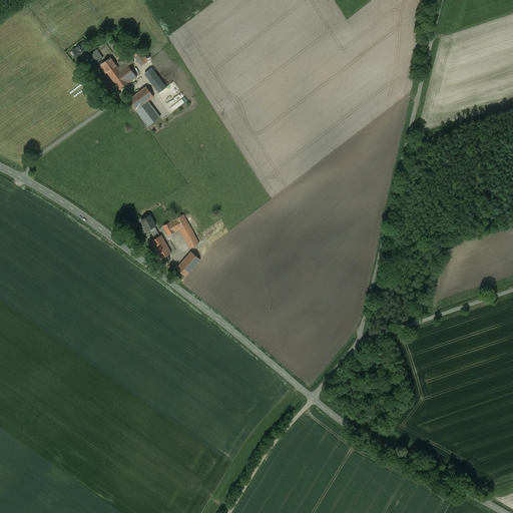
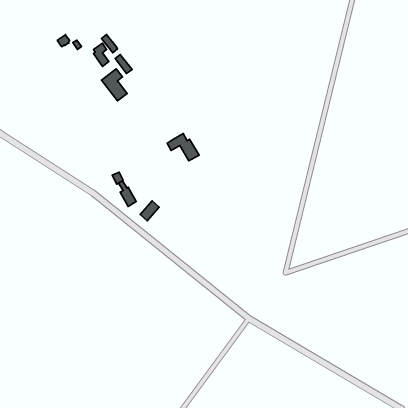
building: [98,58,128,90] -> none
building: [162,215,202,249] -> [167,134,199,161]

